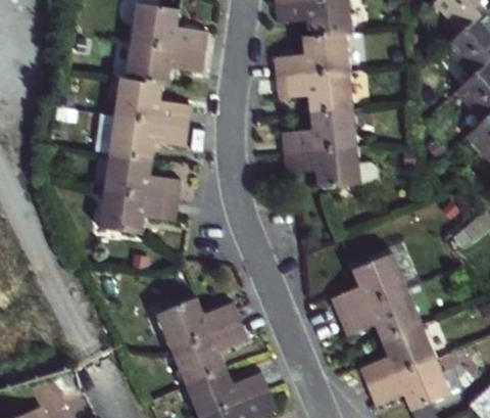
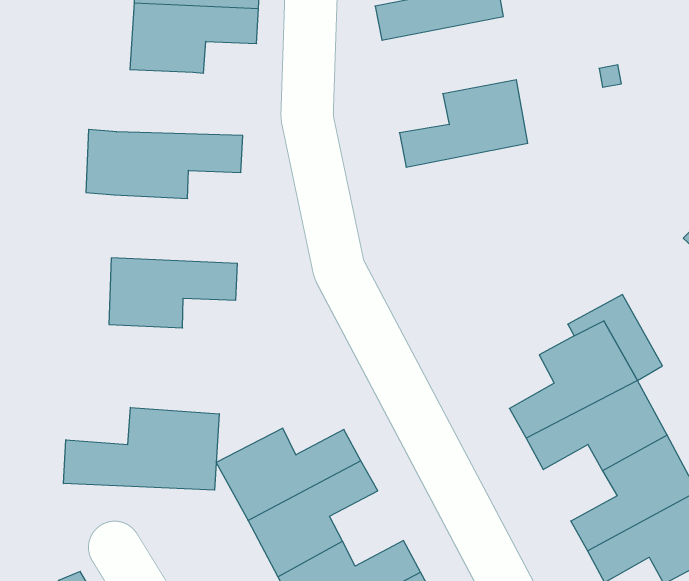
building: [276,69,352,111] -> none
building: [115,79,192,125] -> none
building: [283,145,375,189] -> none
building: [105,152,182,199] -> none
building: none -> [63,407,219,490]

